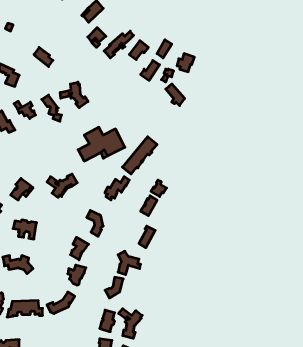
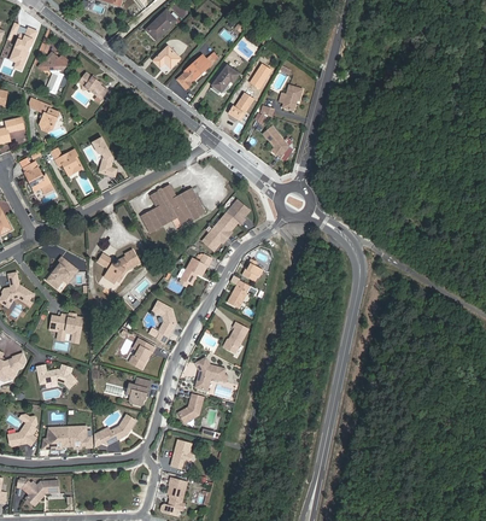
building: none -> [42,52,70,93]
building: [60,82,88,108] -> none
building: [119,309,142,338] -> none

